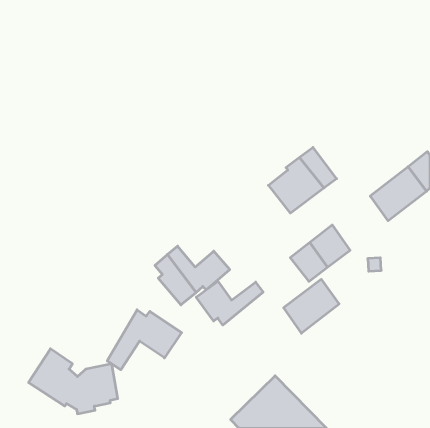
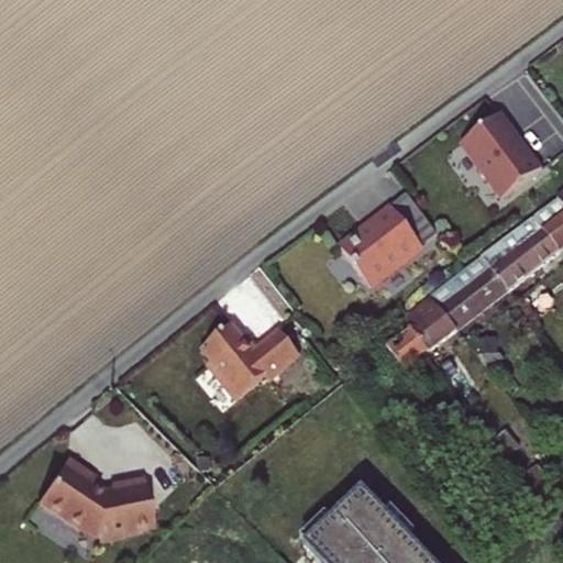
building: none -> [462,115,542,199]
building: [284,279,339,333] -> [434,256,507,327]
building: [196,281,263,325] -> none
building: [107,310,182,370] -> none

